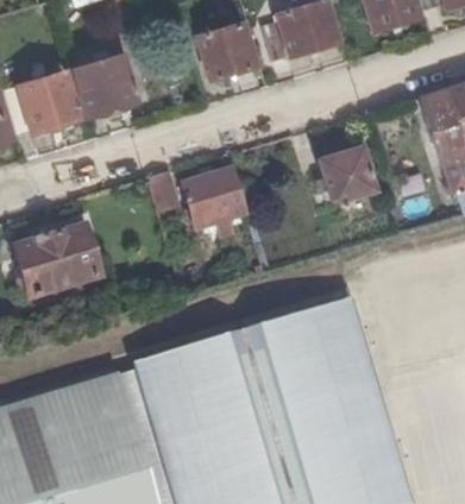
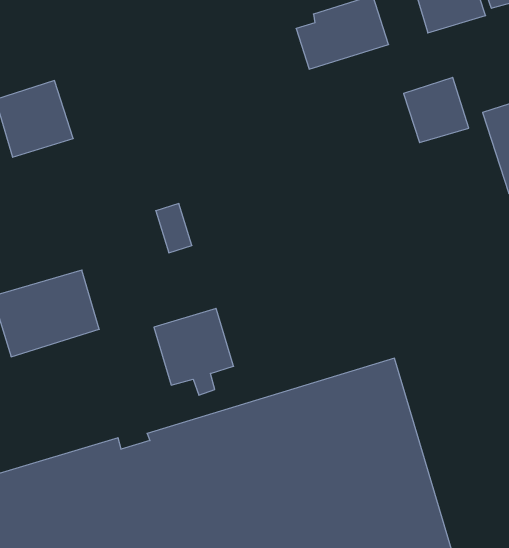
building: [199,21,258,80] -> none
building: [84,53,137,113] -> none
building: [322,145,376,199] -> [404,77,469,143]
building: [182,169,247,240] -> [154,308,234,395]

